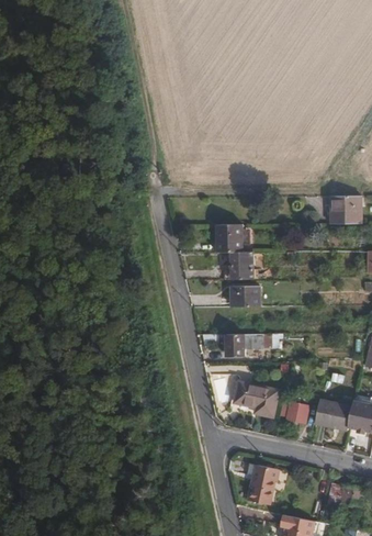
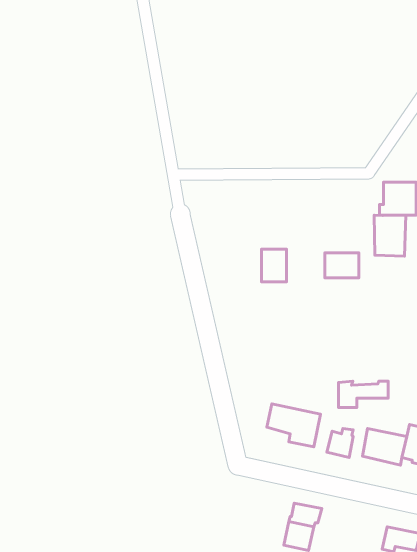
building: none -> [374,215,406,256]
building: [212,223,238,250] -> none
building: [227,284,256,305] -> [325,253,359,278]
building: [228,333,270,355] -> [338,381,388,407]

